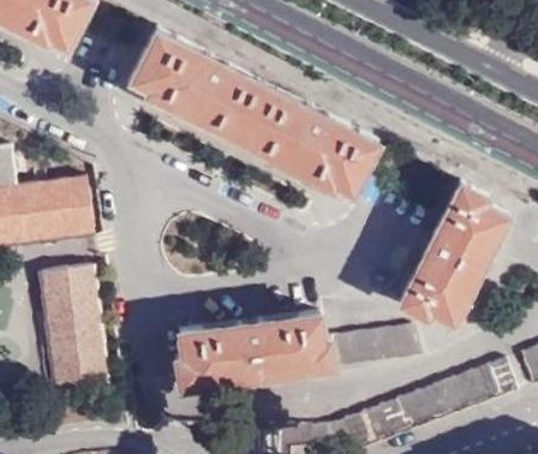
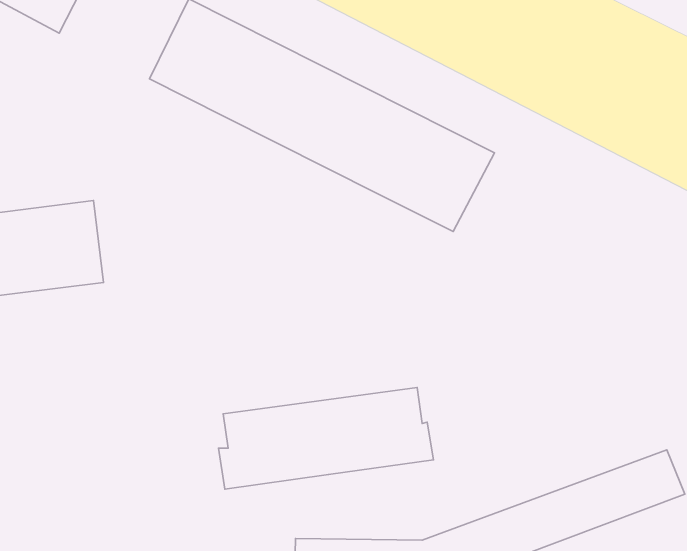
building: [400,184,509,324] -> none
building: [43,256,107,383] -> none
building: [329,327,418,366] -> none

